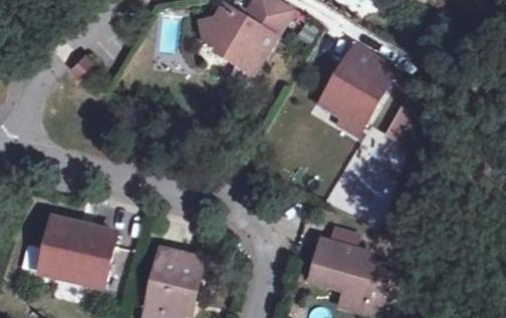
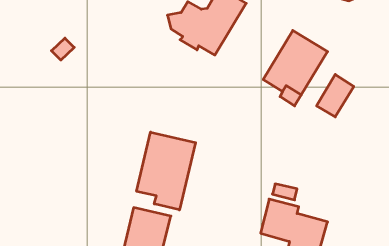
building: none -> [137,132,196,210]
building: [39,219,115,287] -> none

